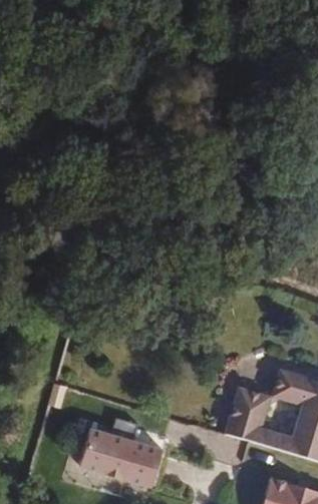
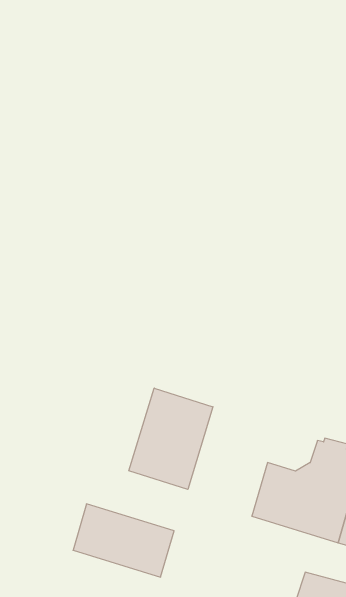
building: none -> [129,388,213,489]

